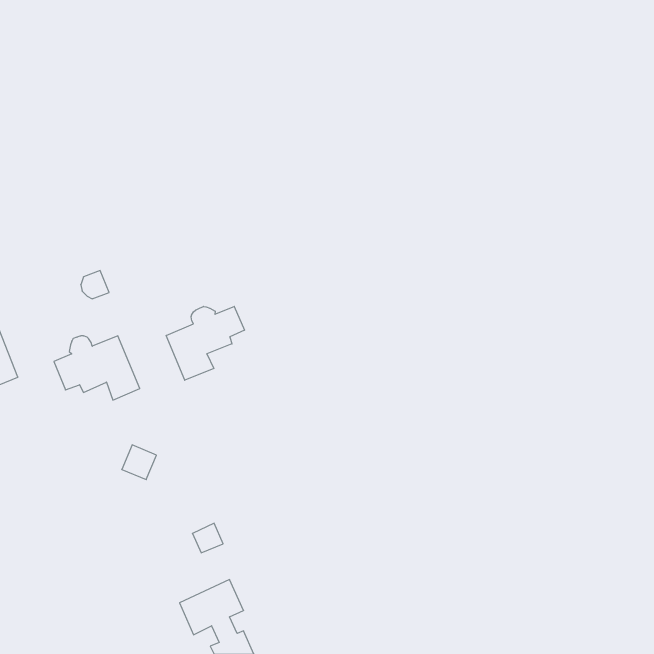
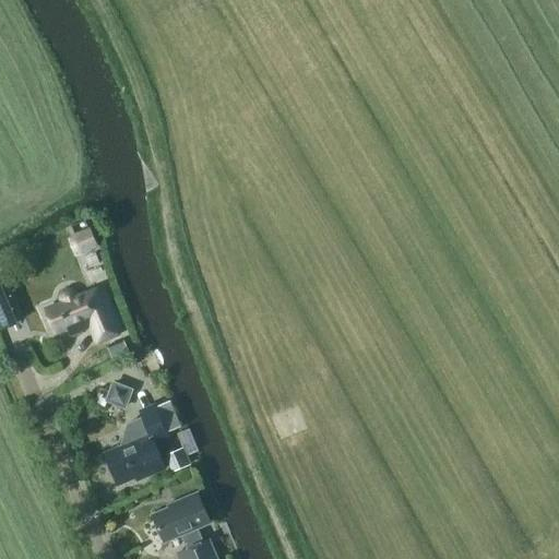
building: [166,306,244,380] -> none
building: none -> [105,409,169,480]

